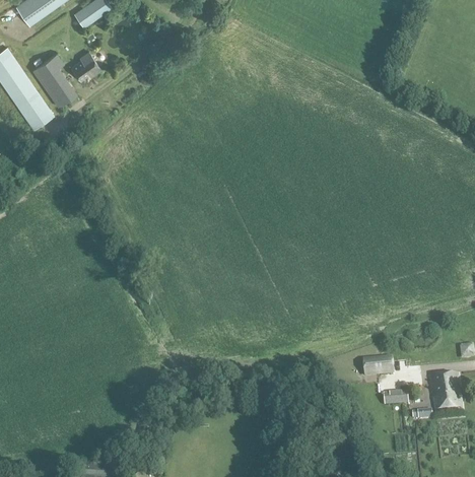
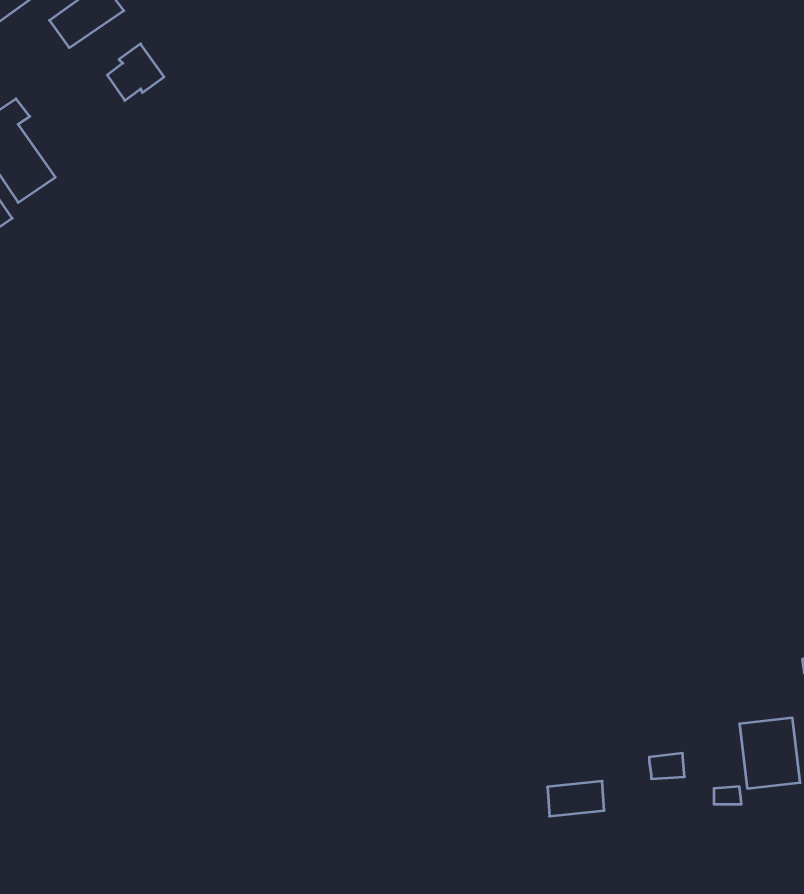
building: [71,51,100,80] -> [107,44,164,101]
building: [363,357,393,376] -> [547,781,604,816]

